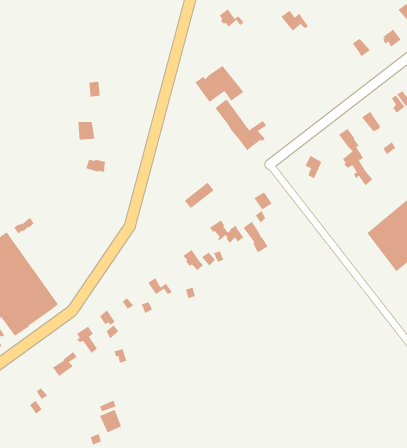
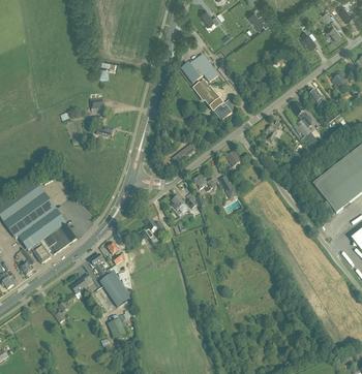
building: none -> [99,272,129,307]

